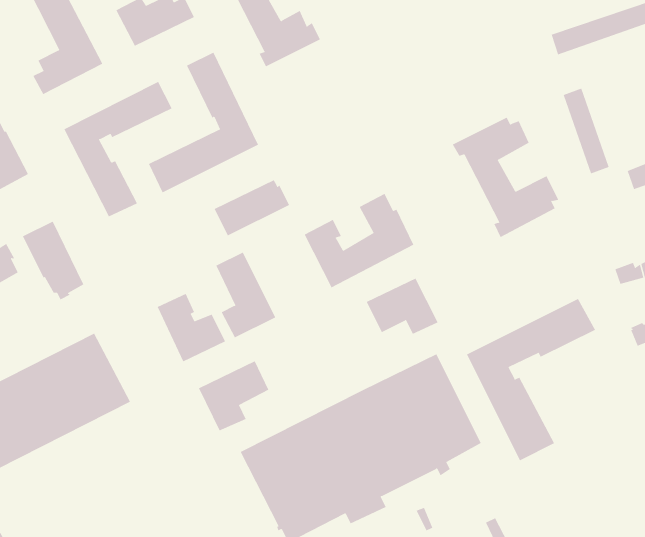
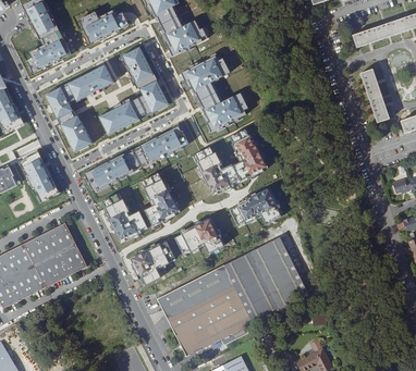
building: [452,117,559,238] -> [181,55,248,132]
building: none -> [84,152,134,188]
building: [466,298,596,461] -> none
building: none -> [175,219,223,255]

